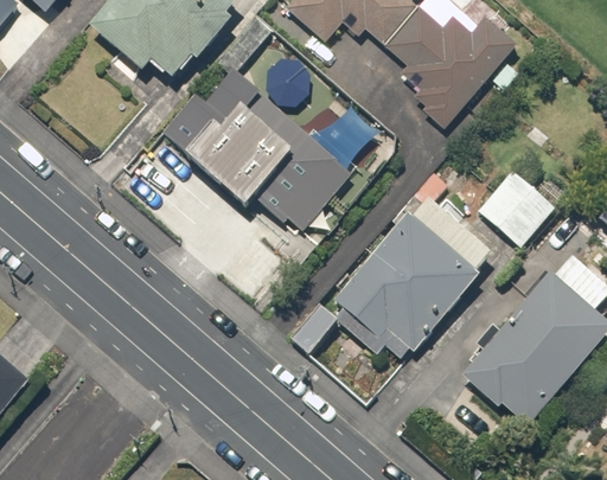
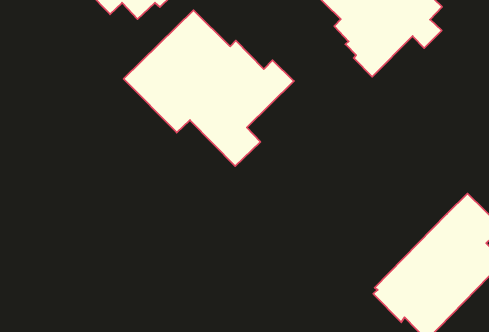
building: [478,168,556,245] -> none
building: [298,191,490,357] -> none

